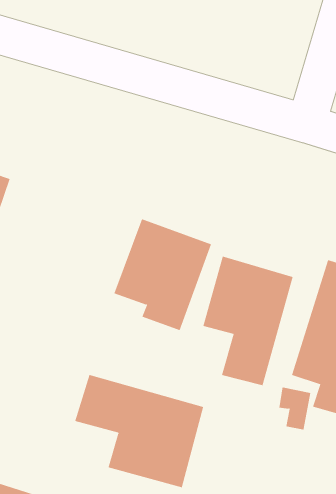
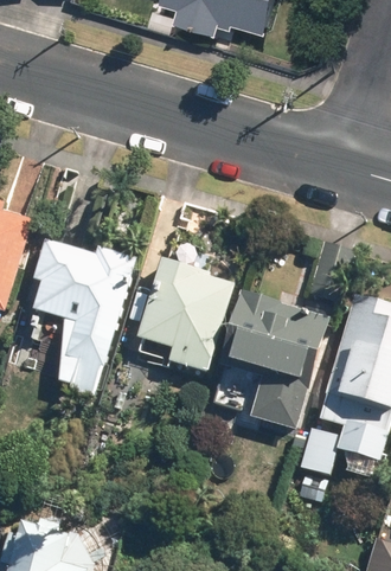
building: none -> [30,238,132,391]
building: [75,374,204,488] -> none

